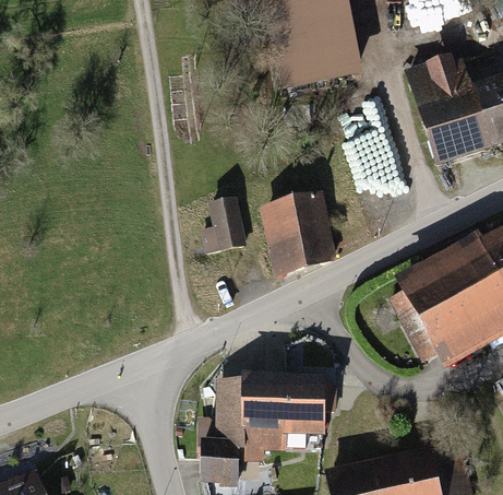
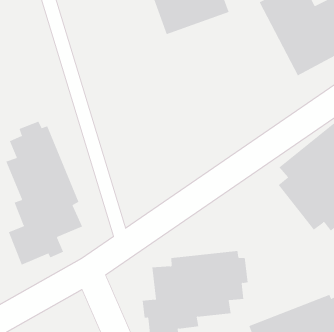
building: none -> [6,121,83,266]
building: [262,197,336,273] -> none
building: [199,198,248,256] -> none

